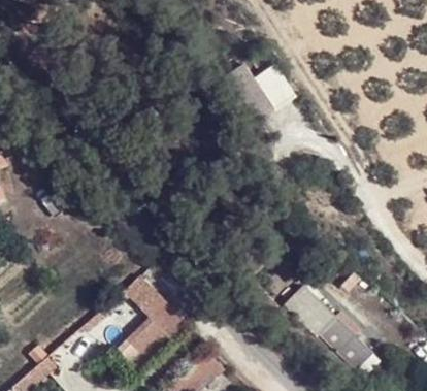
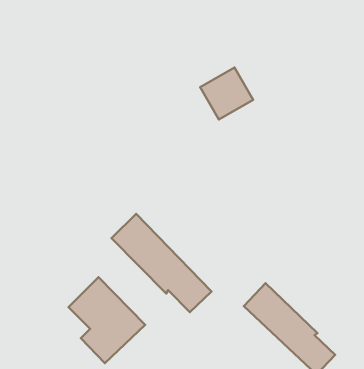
building: none -> [111,214,211,312]

